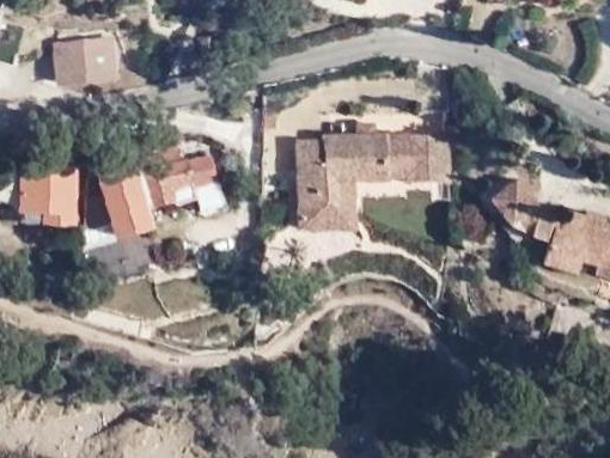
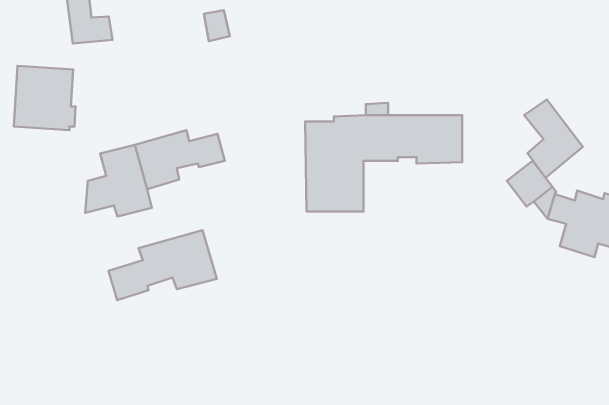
building: none -> [524,99,583,178]
building: [19,165,79,227] -> [14,66,76,130]
building: none -> [108,230,217,300]

